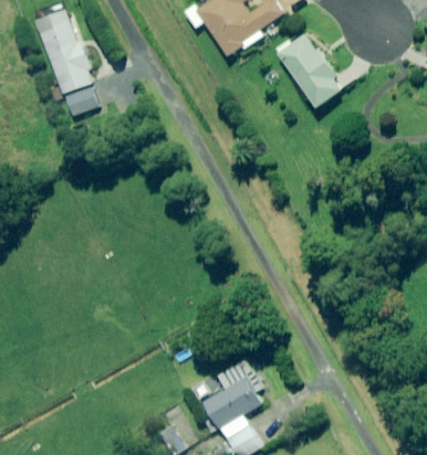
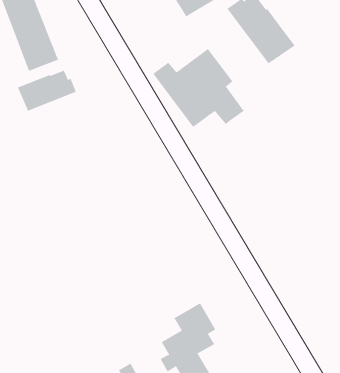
building: none -> [152,48,245,128]
building: none -> [17,70,77,111]

